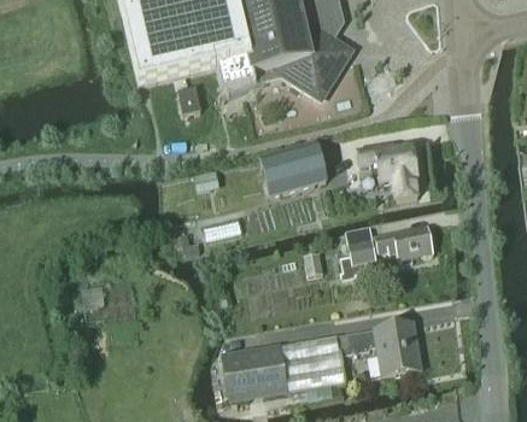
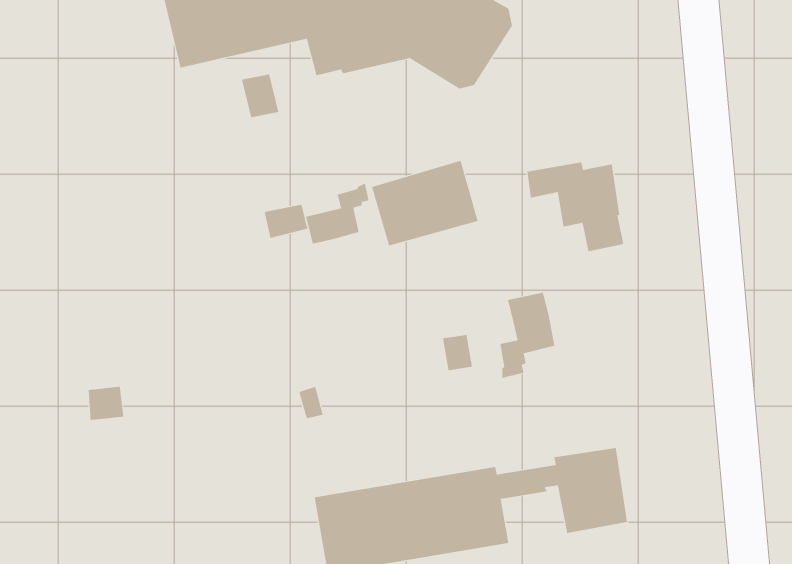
building: none -> [305,183,369,244]
building: [377,225,433,263] -> none

